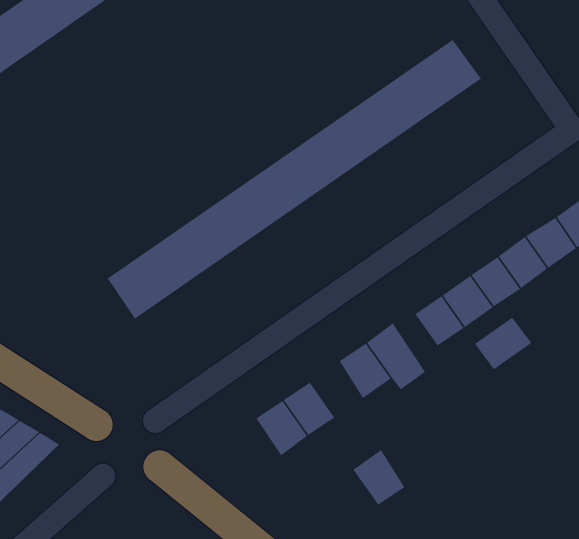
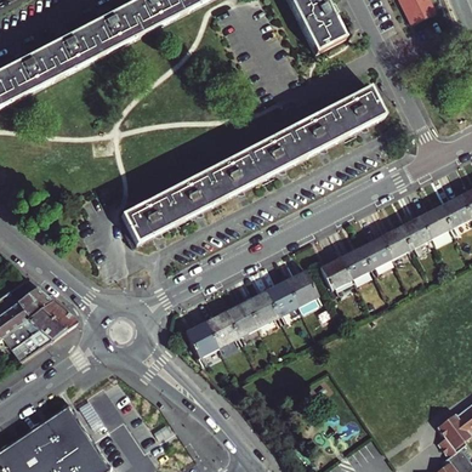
building: [474,317,532,370] -> none
building: none -> [186,319,220,356]
building: [353,449,405,506] -> [245,289,278,325]

